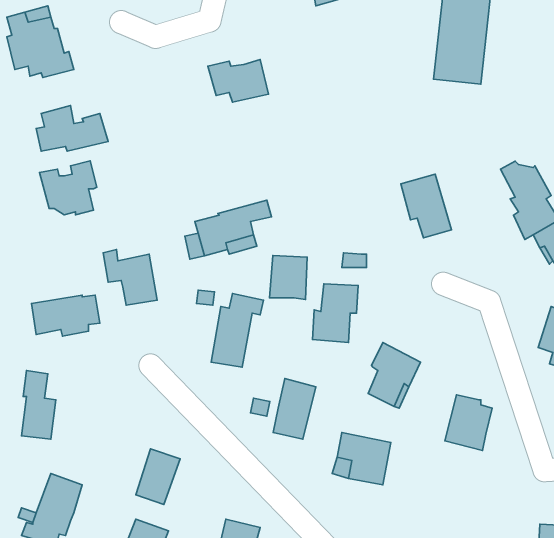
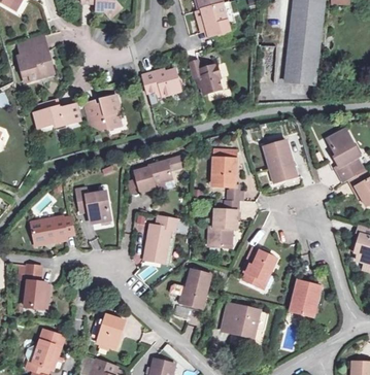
building: none -> [189,58,221,94]
building: [39,161,97,215] -> [85,95,121,129]
building: [269,255,307,300] -> [212,158,236,185]

